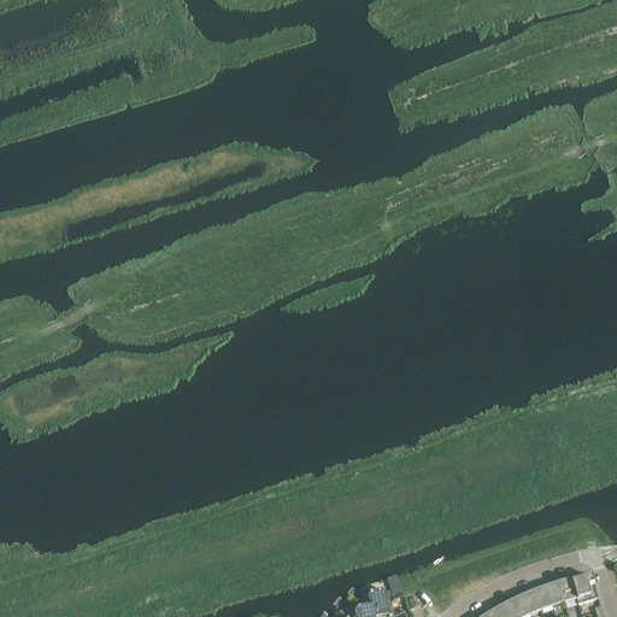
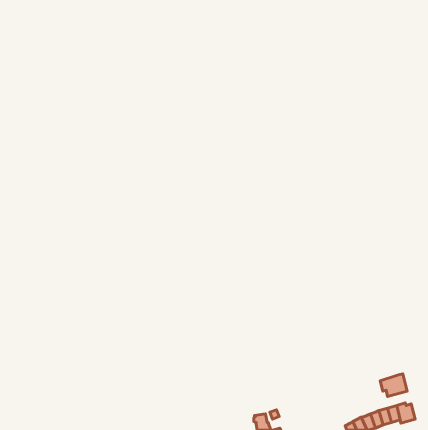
building: none -> [380,374,407,397]

